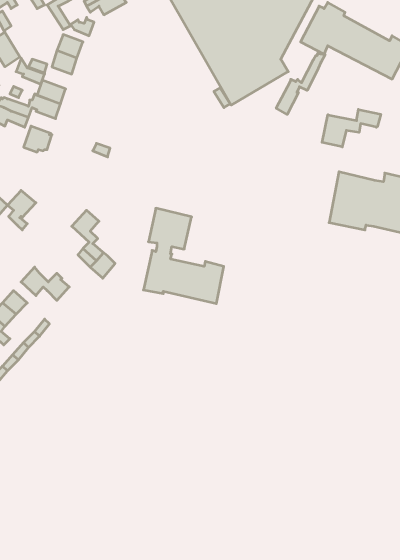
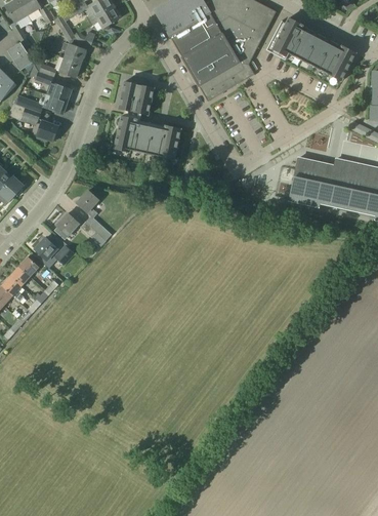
building: [276,53,325,114] -> none
building: [322,109,381,147] -> none
building: [7,190,36,230] -> [55,212,79,245]
building: [143,208,224,304] -> [114,80,180,159]

